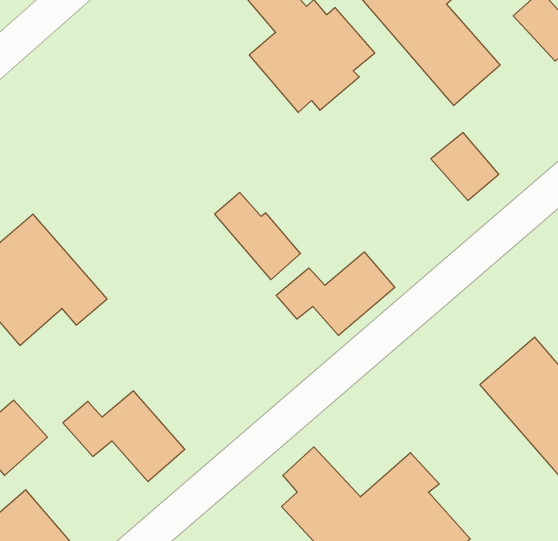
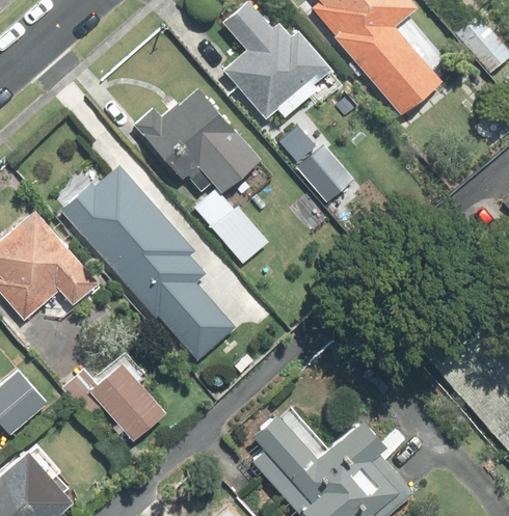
building: none -> [134,87,261,194]
building: [431,132,499,201] -> [295,145,354,205]
building: none -> [60,164,237,364]
building: [276,252,395,336] -> none

